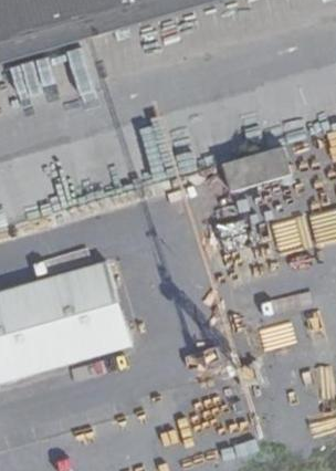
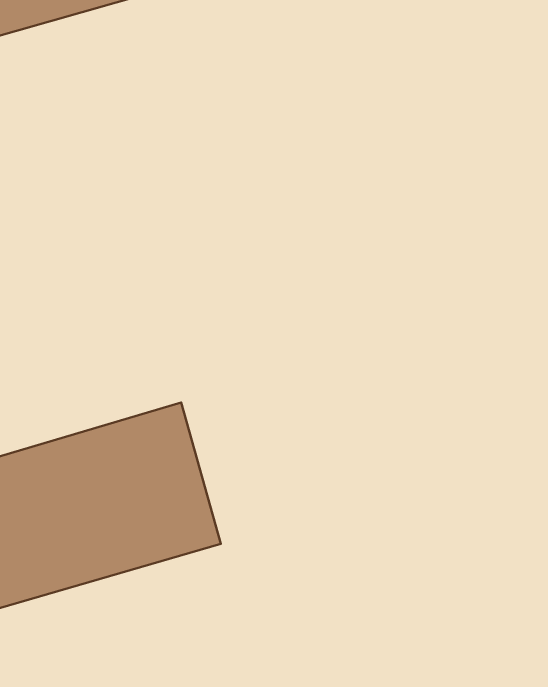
building: [221,144,290,189] -> none

